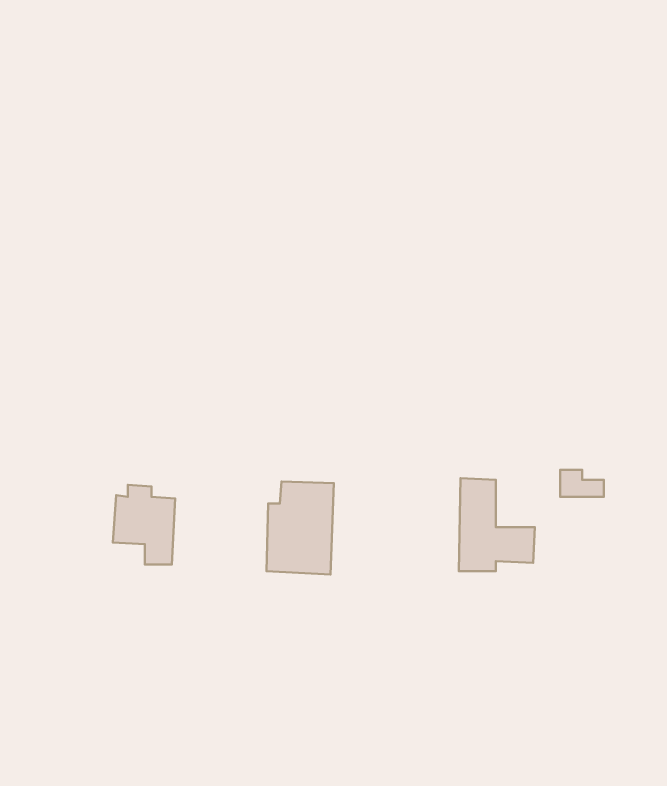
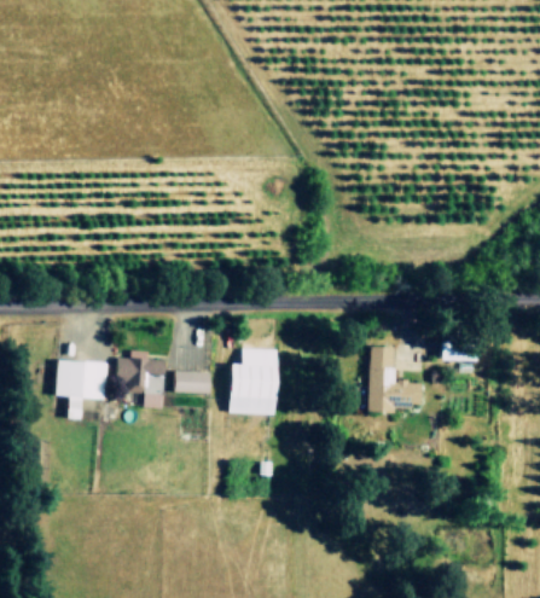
building: none -> [56,360,106,416]
building: none -> [175,371,211,394]

